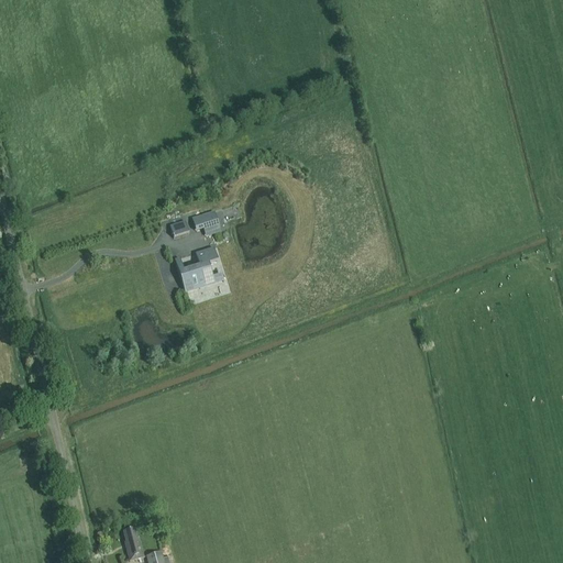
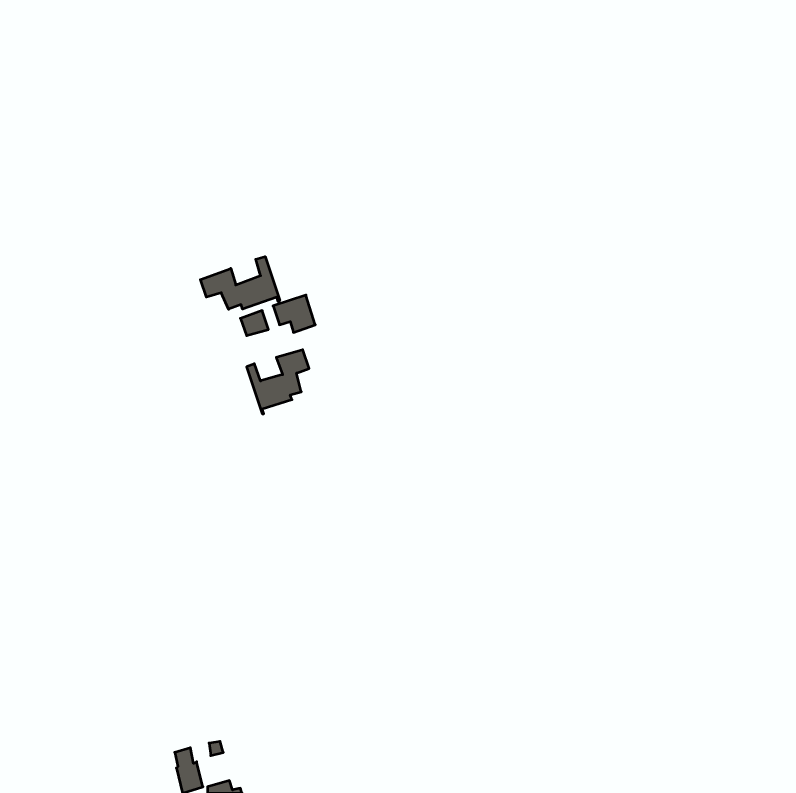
building: none -> [200,257,280,309]

